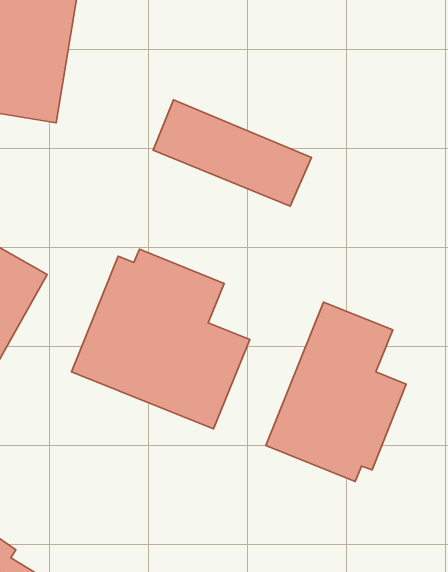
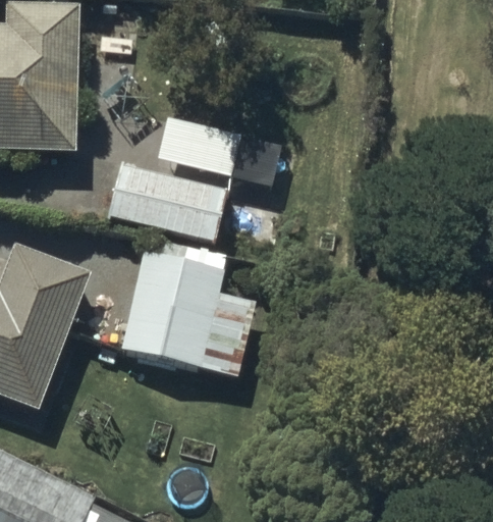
building: none -> [106,162,283,244]
building: [266,302,406,482] -> none

